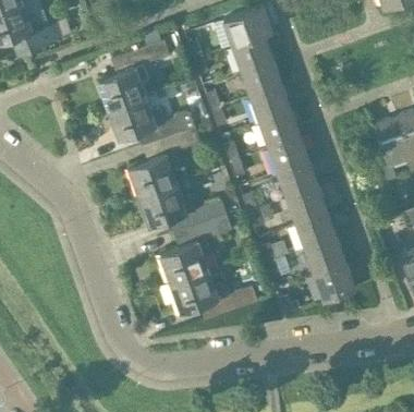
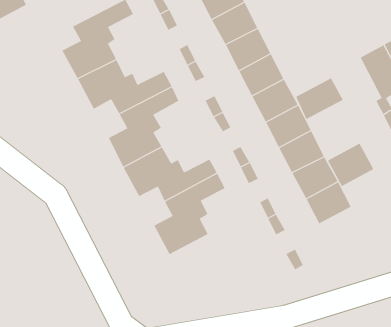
building: none -> [295,77,344,120]
building: [312,263,354,301] -> [327,143,374,187]
building: [169,269,256,320] -> none

